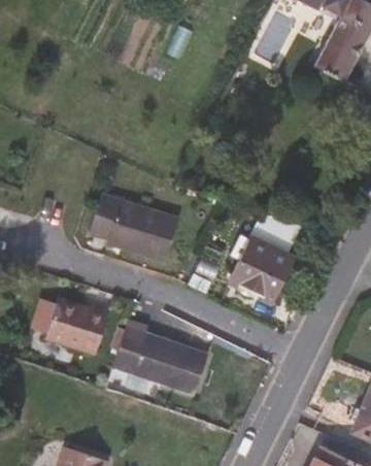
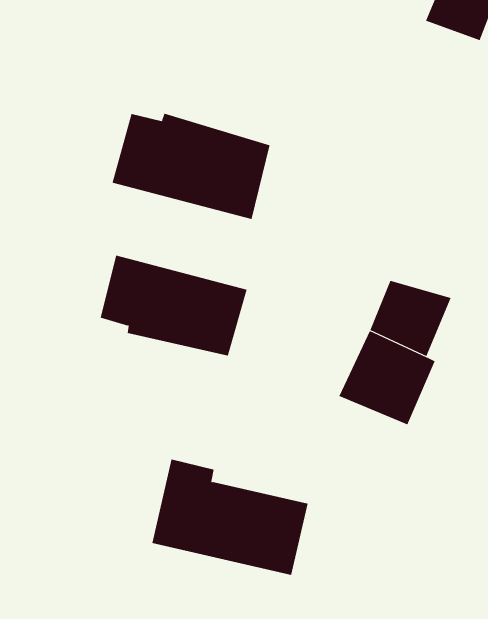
building: none -> [112,113,270,220]
building: [45,298,109,360] -> none

